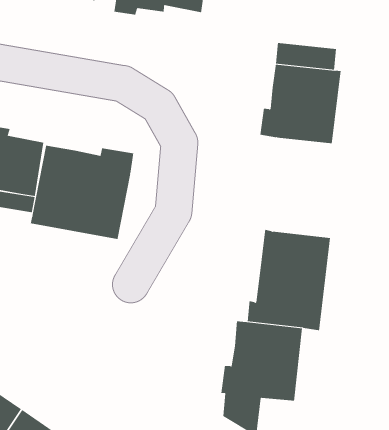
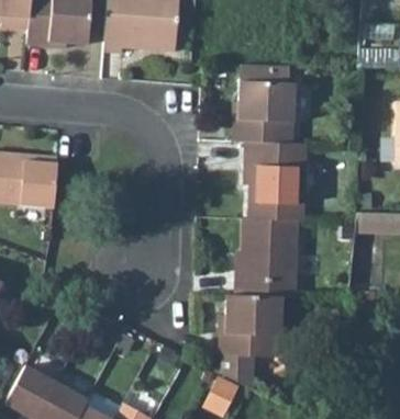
building: none -> [245,143,307,220]
building: [30,145,134,240] -> none

